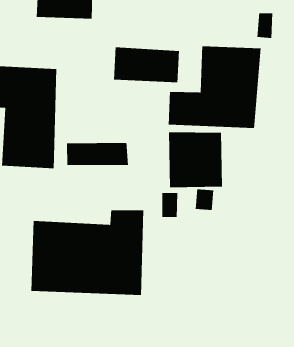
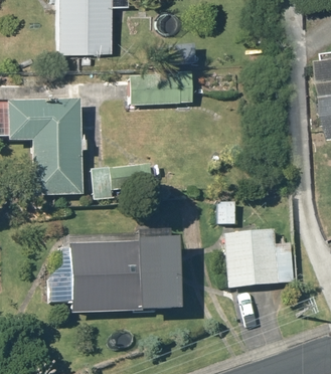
building: [168,45,261,129] -> none
building: [168,131,223,188] -> [222,232,279,290]

